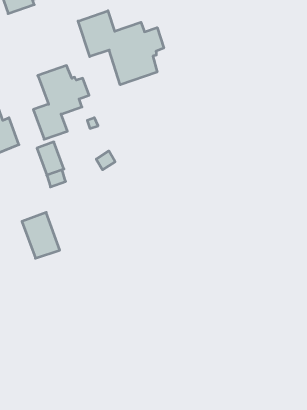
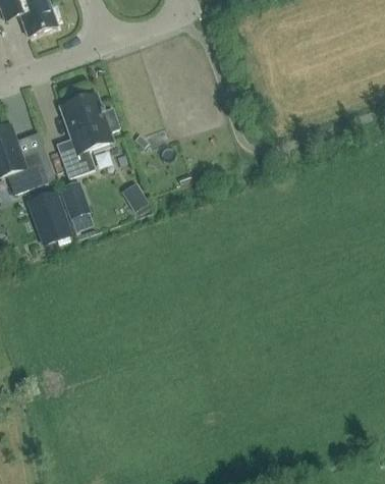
building: [78,11,164,85] -> none
building: [22,212,60,258] -> [29,191,71,243]

